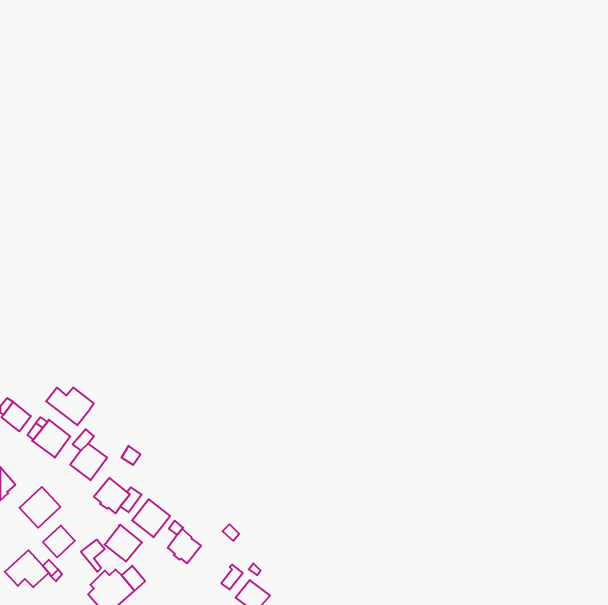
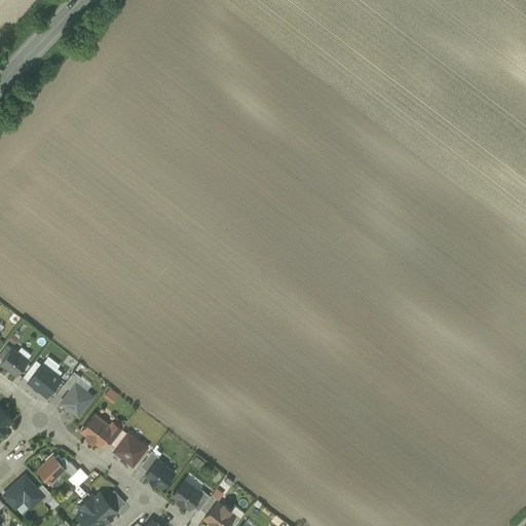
building: [46,388,94,425] -> none
building: [19,487,60,528] -> none
building: [104,525,142,561] -> none
building: none -> [172,481,200,510]

